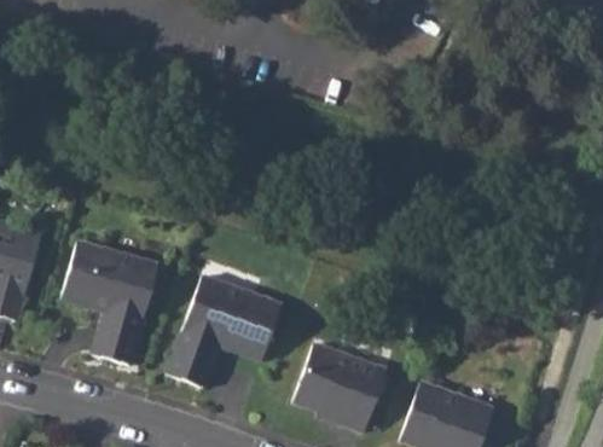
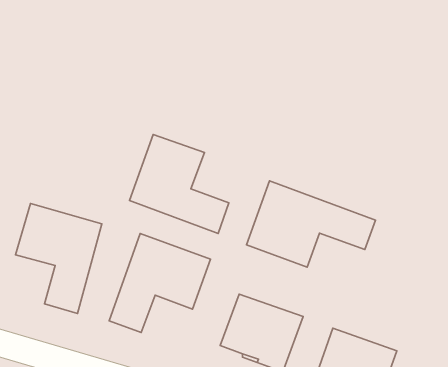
building: none -> [129,134,229,233]
building: none -> [246,181,375,267]

